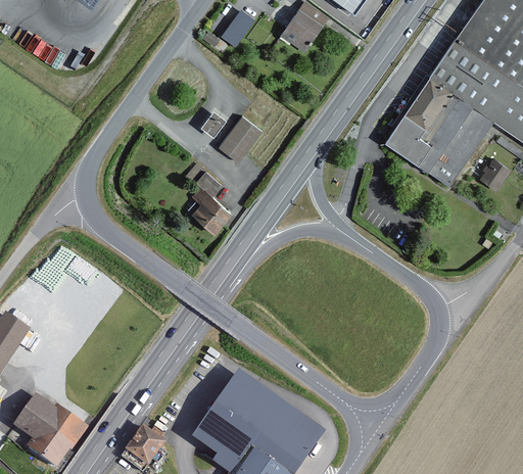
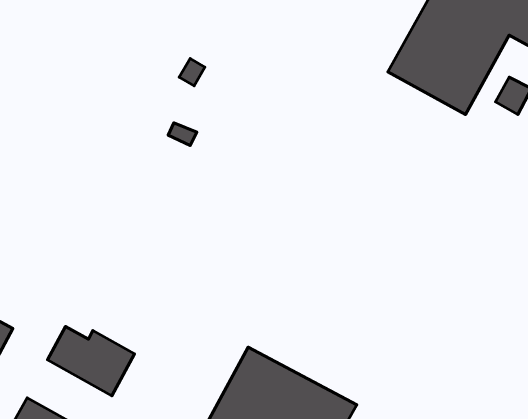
building: [218,114,260,160] -> none
building: [191,185,232,232] -> none
building: none -> [47,326,134,396]

